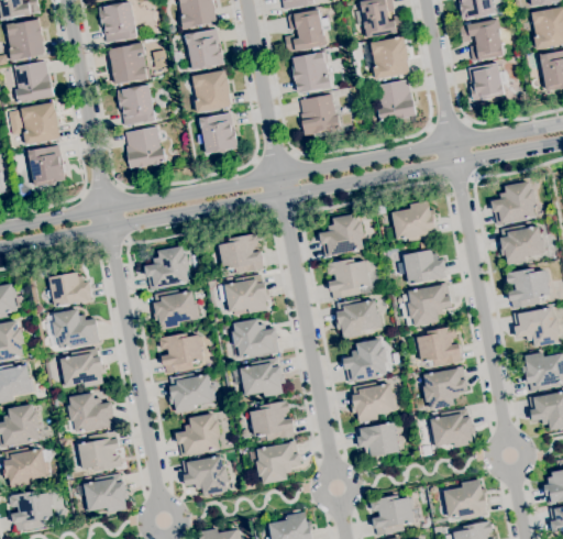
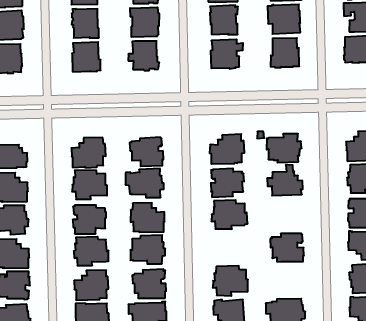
building: [408,283,453,327] -> none
building: [343,339,388,383] -> none
building: [423,366,468,410] -> none

